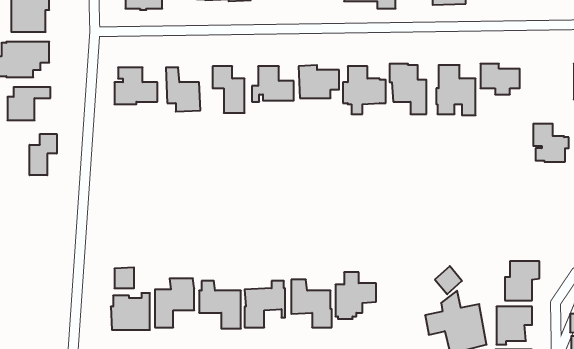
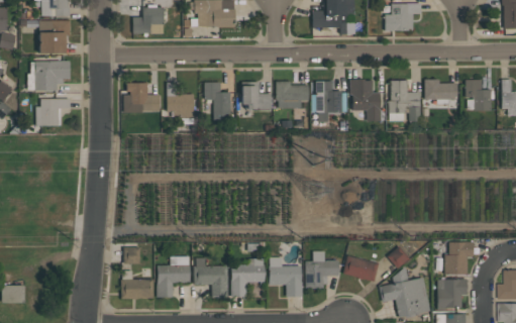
building: [533,124,569,162] -> [466,80,495,111]
building: [30,134,57,175] -> none
building: none -> [343,255,380,282]

